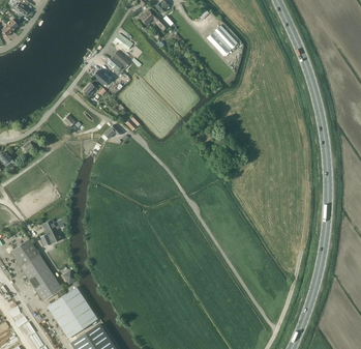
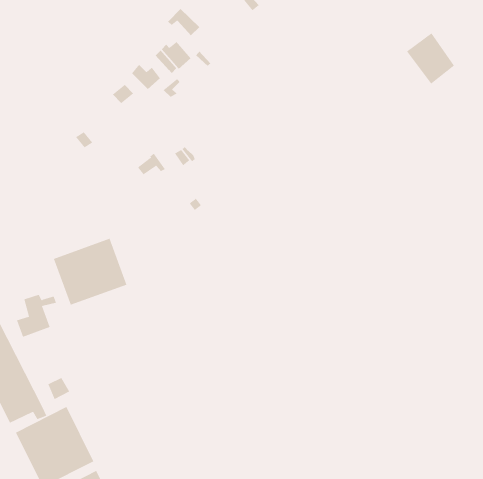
building: [206,25,237,57] -> [406,33,455,85]
building: none -> [53,238,127,306]

